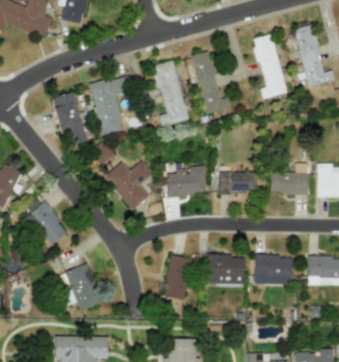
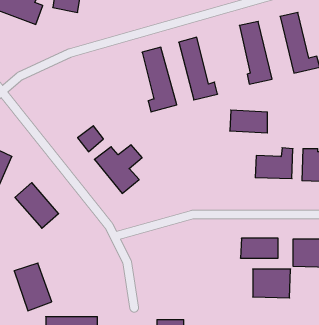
building: [90,75,132,134] -> none
building: [53,90,88,147] -> none
building: [167,164,206,197] -> none
building: [218,170,257,193] -> [230,110,267,133]
building: [164,254,190,299] -> none
building: [206,254,245,284] -> [253,269,291,298]
building: [65,262,104,311] -> [14,263,52,311]

